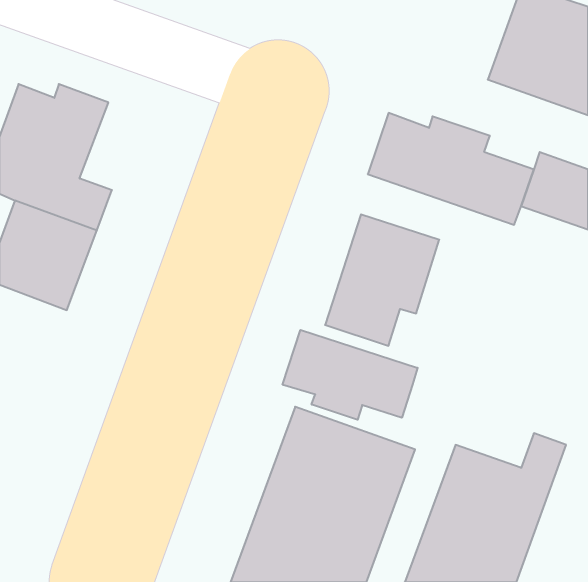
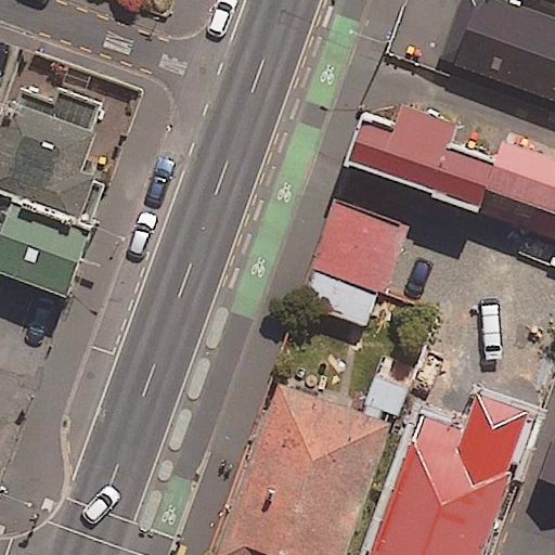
building: [283,330,418,420] -> none

